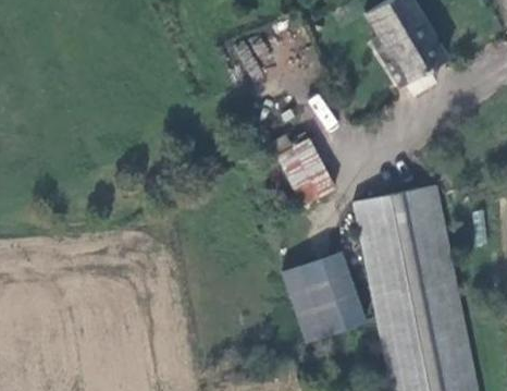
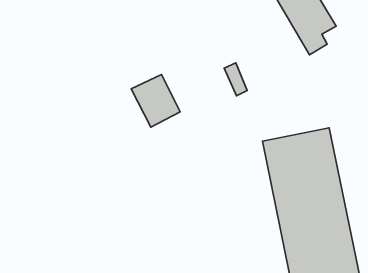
building: [273,139,333,204] -> [131,75,180,127]
building: [284,249,367,341] -> none

